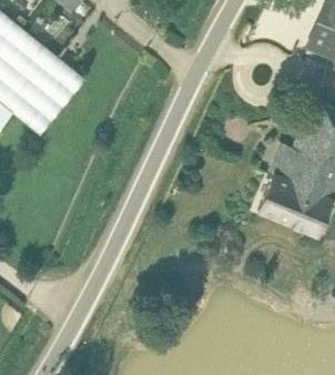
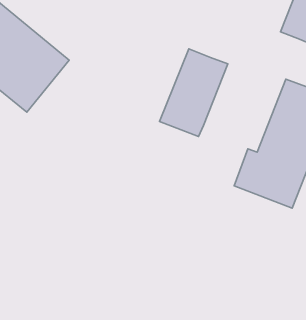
building: none -> [159,49,228,137]

